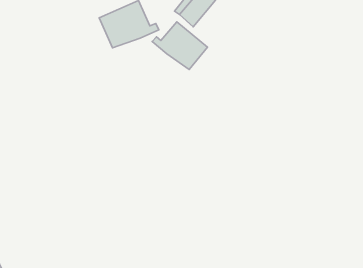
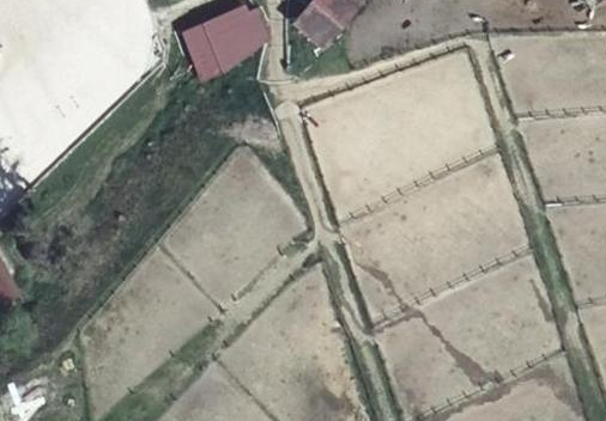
building: [152,22,208,70] -> none

